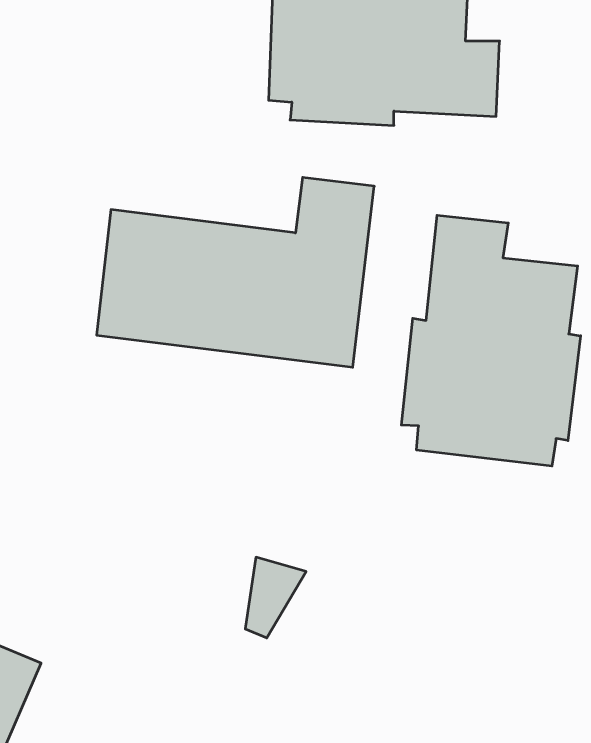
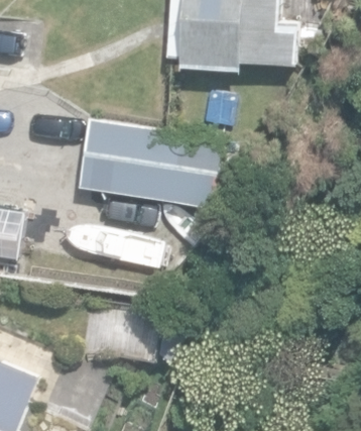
building: [401,215,581,466] -> none

